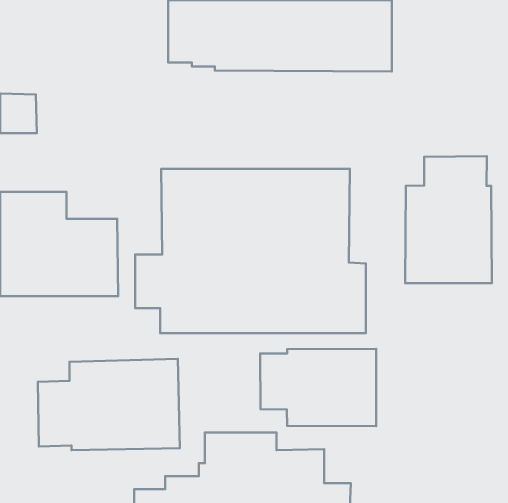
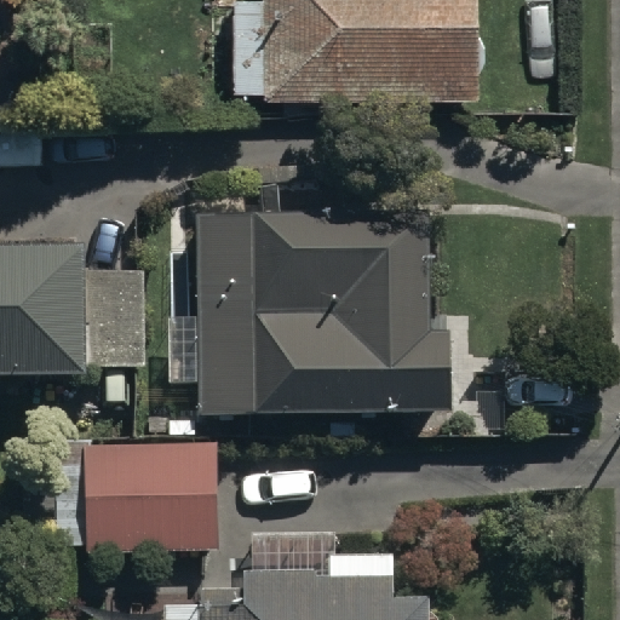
building: [405,156,492,283] -> none
building: [260,349,376,426] -> none

